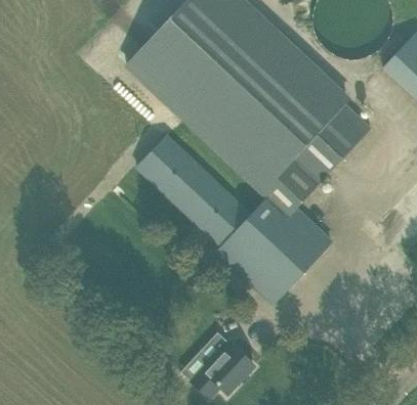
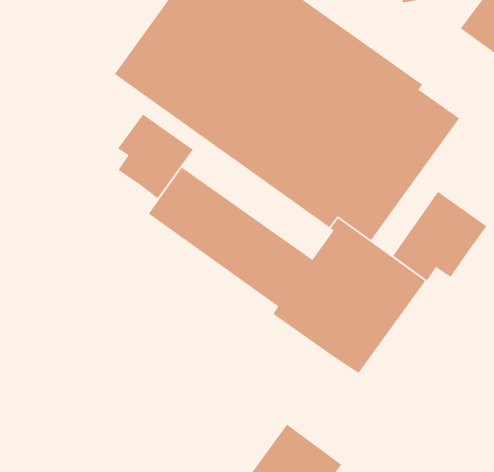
building: none -> [117,113,194,199]
building: none -> [392,191,487,282]

